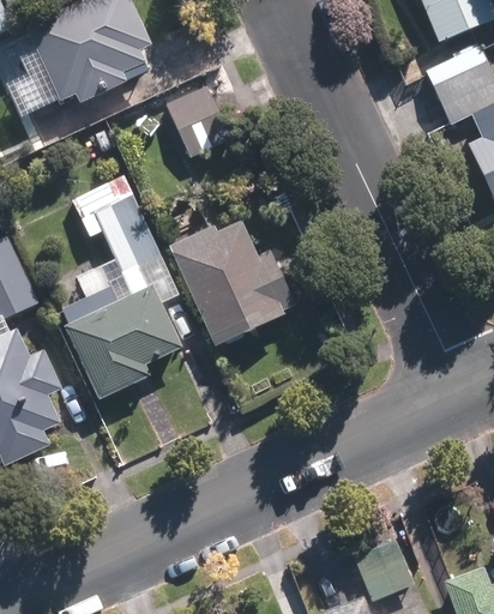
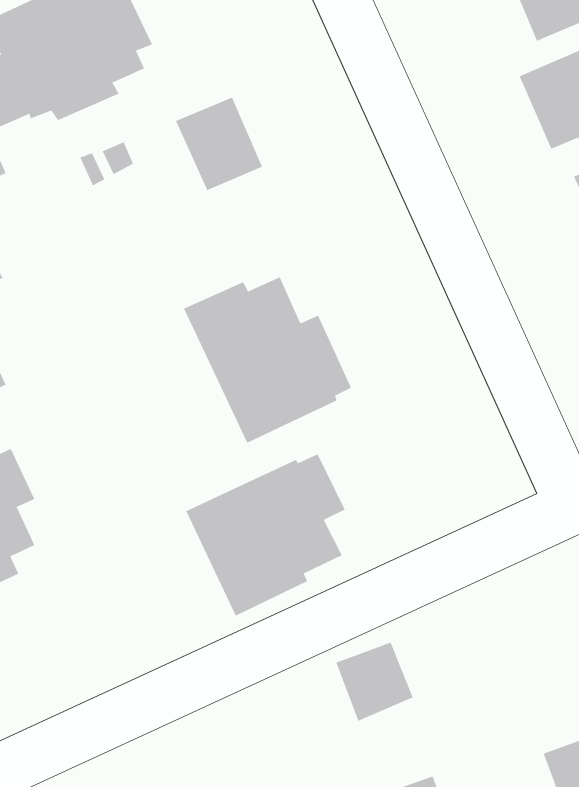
building: [60,174,179,399] -> none
building: none -> [186,454,346,617]
building: [353,541,411,601] -> [335,642,413,721]

